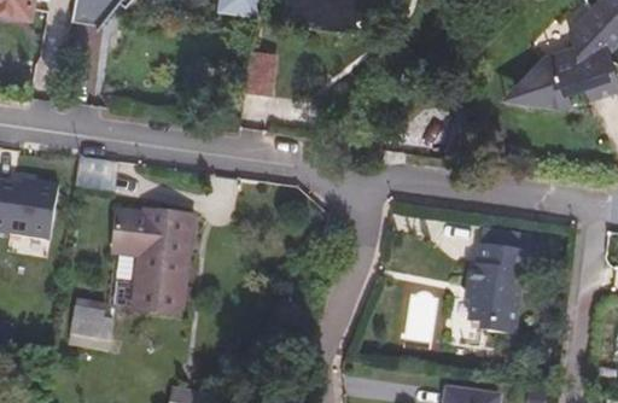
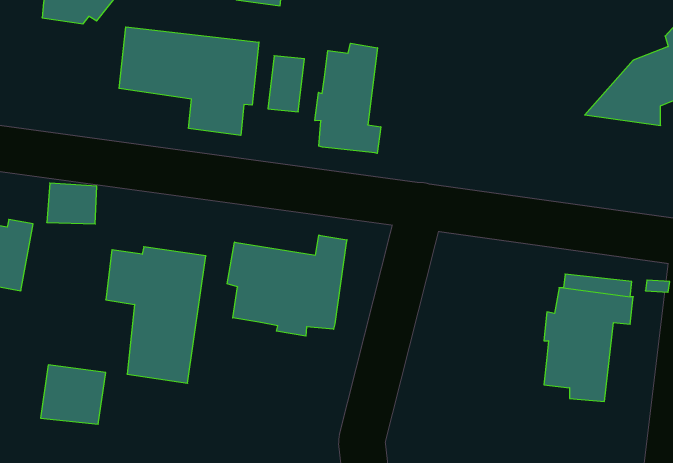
building: none -> [119,27,259,135]
building: none -> [315,43,381,153]
building: none -> [227,235,347,336]

